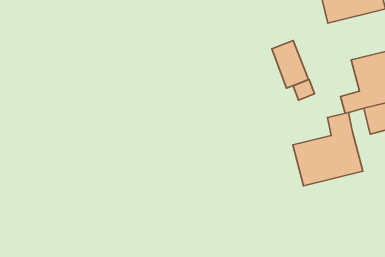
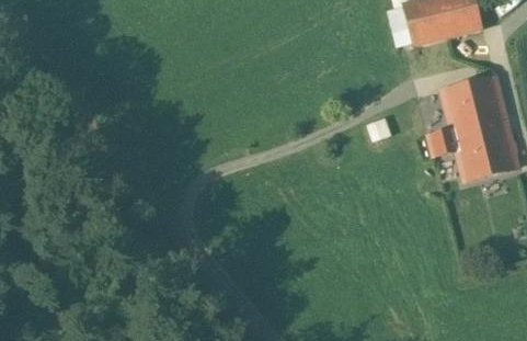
building: [272,41,308,88] -> none
building: [293,113,363,186] -> none

